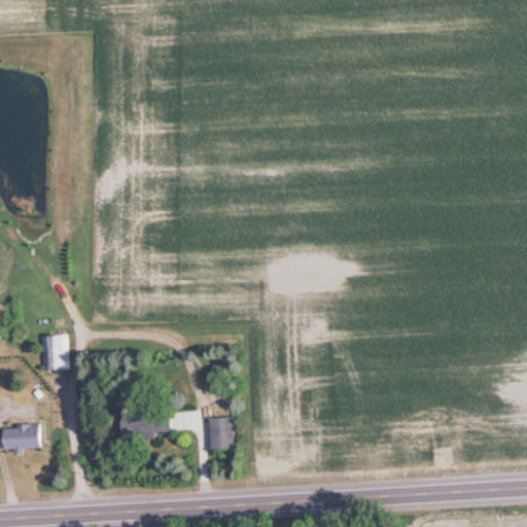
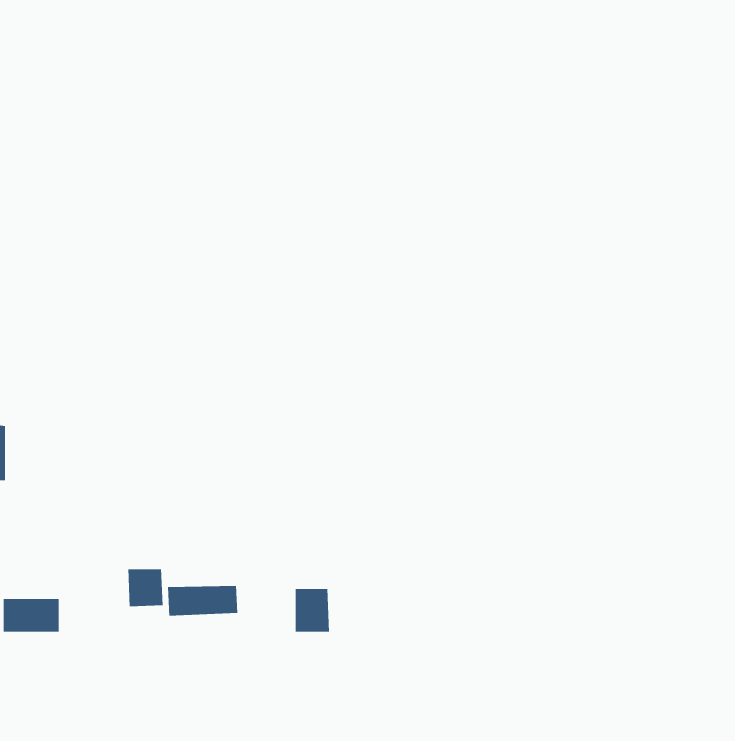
building: [40,336,66,370] -> none
building: none -> [128,568,163,607]

